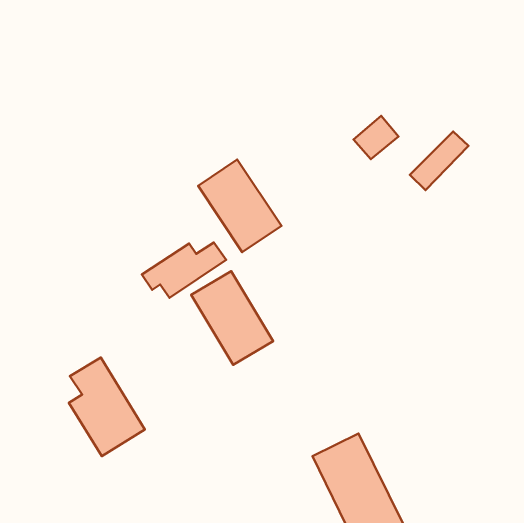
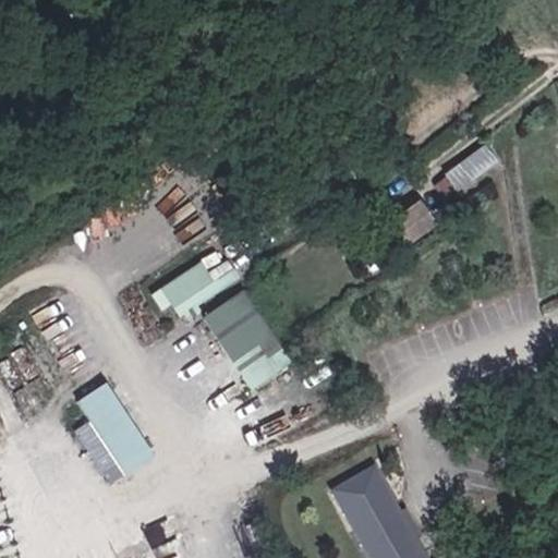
building: [353,116,399,159] -> [390,198,438,244]
building: [198,159,281,252] -> none

